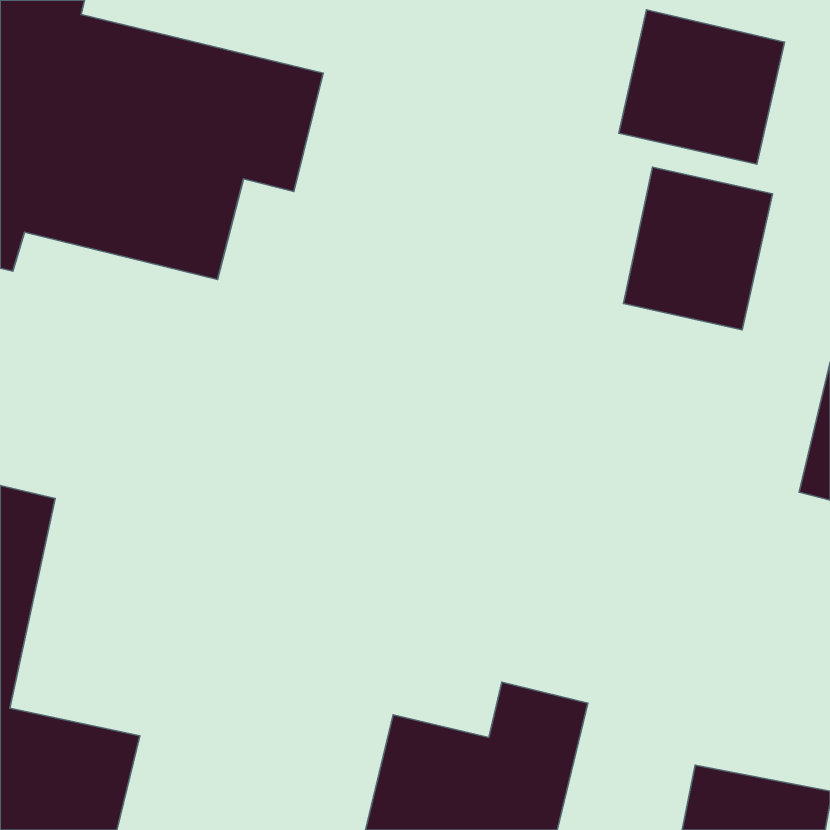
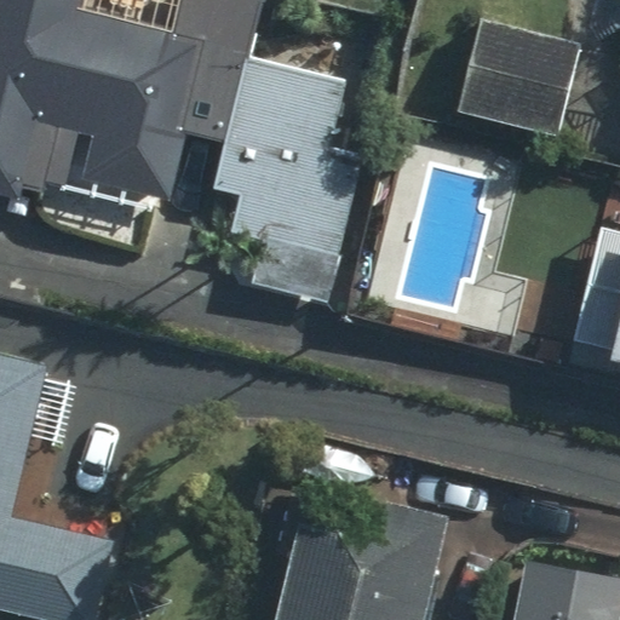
building: none -> [216,68,356,262]
building: [624,167,772,330] -> none

